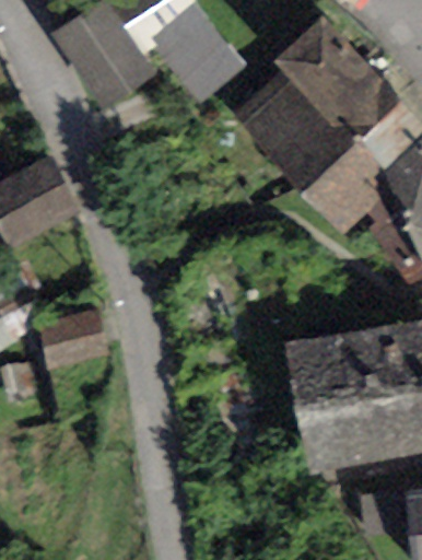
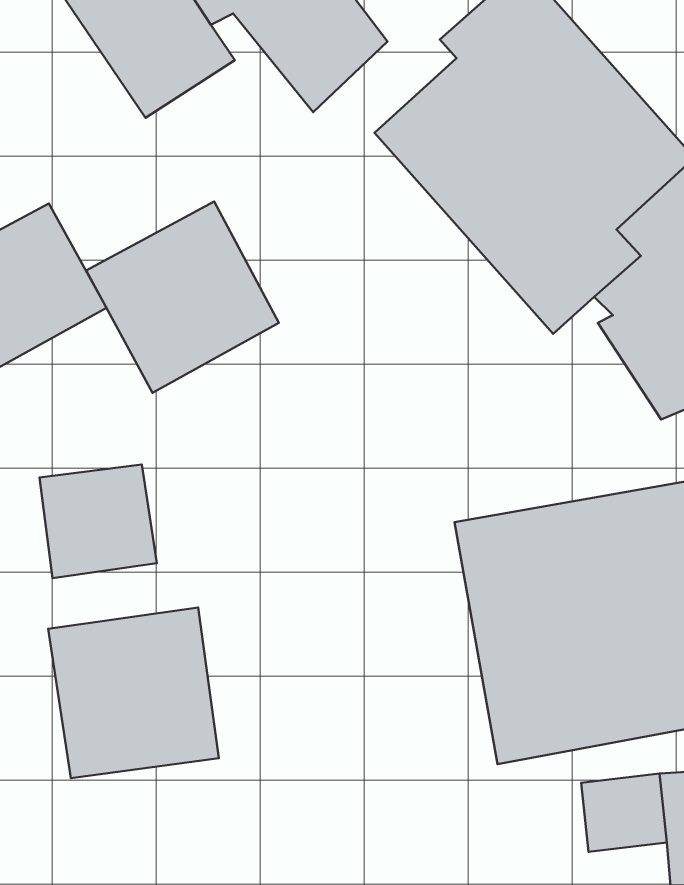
building: none -> [86,202,279,393]
building: none -> [48,608,219,778]

